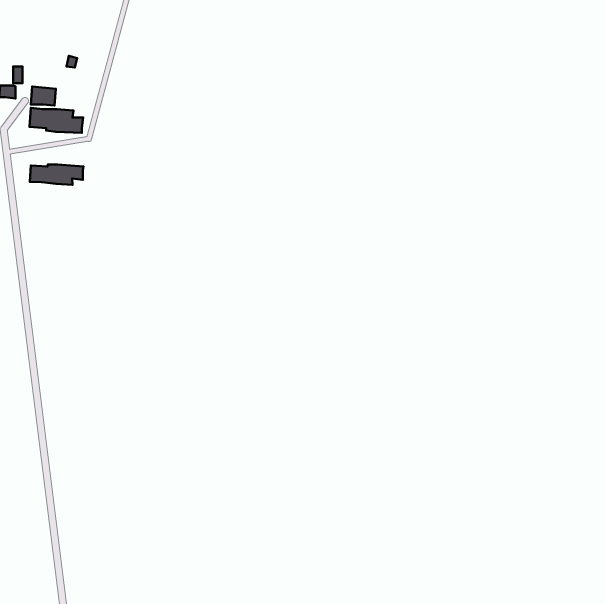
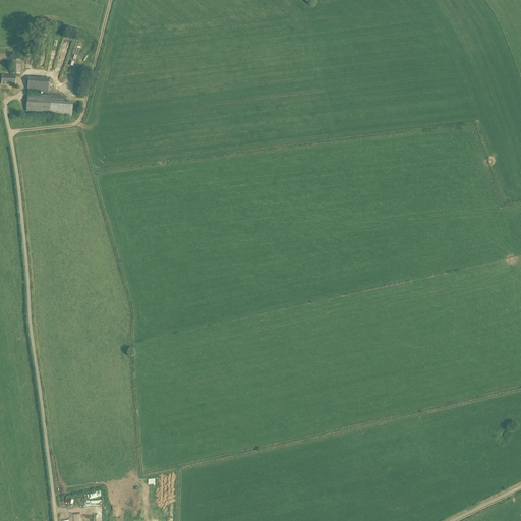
building: [30,165,83,185] -> none

